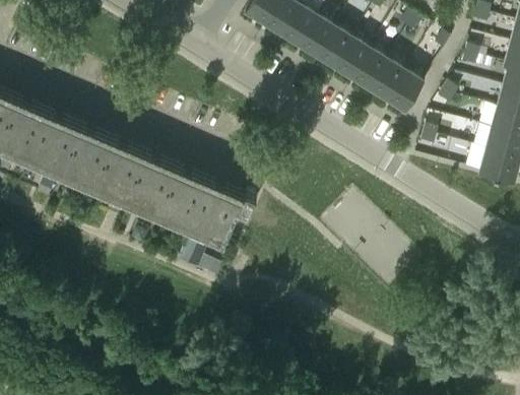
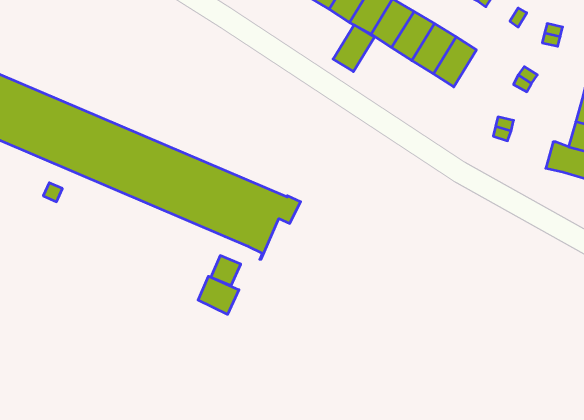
building: none -> [333,25,374,72]
building: [387,71,425,114] -> none
building: none -> [198,276,239,314]

